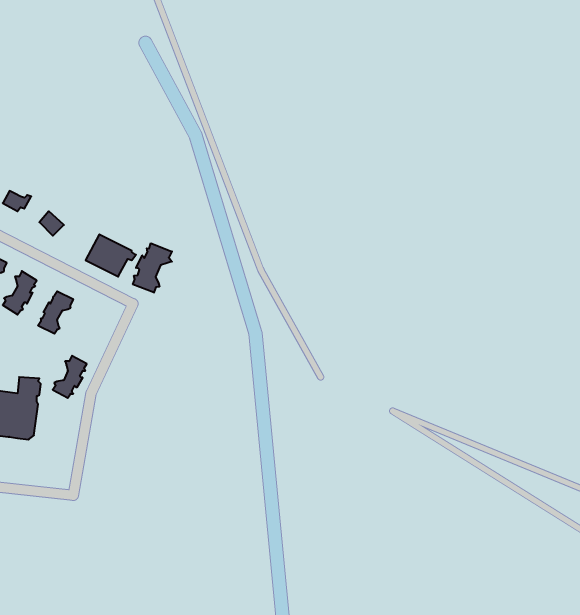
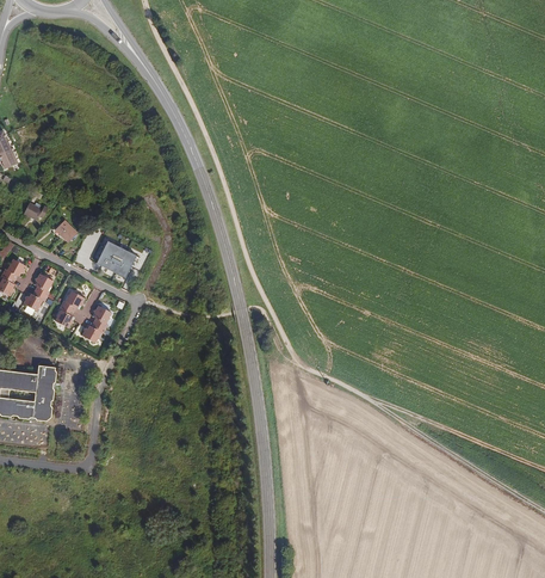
building: [133,243,172,293] -> none
building: [53,356,87,398] -> [81,305,111,342]

